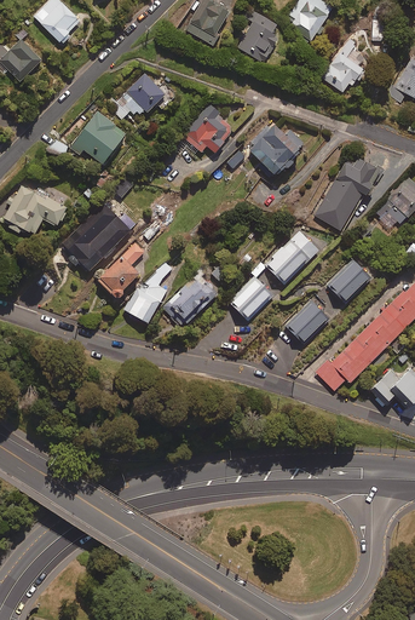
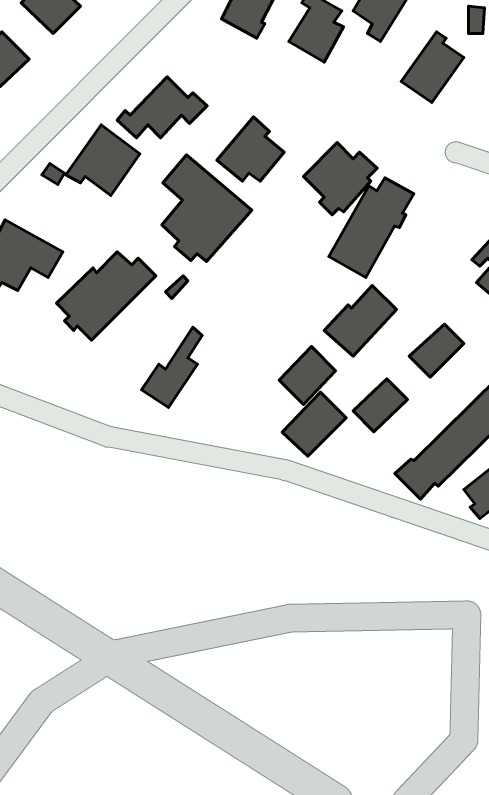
building: none -> [162,155,252,262]
building: [316,157,380,232] -> [329,178,414,277]
building: [97,243,144,297] -> none
building: [168,274,217,322] -> [282,392,346,456]

